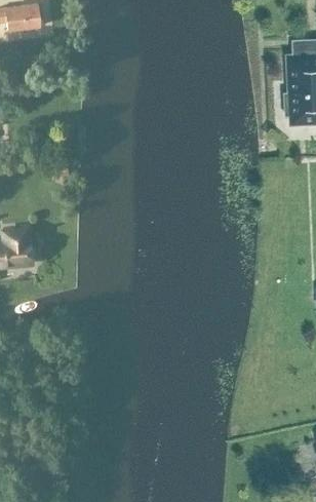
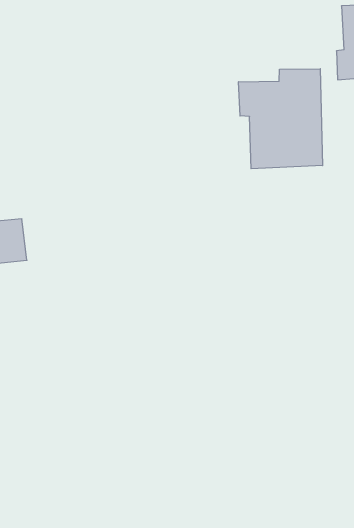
building: none -> [239,69,323,169]

